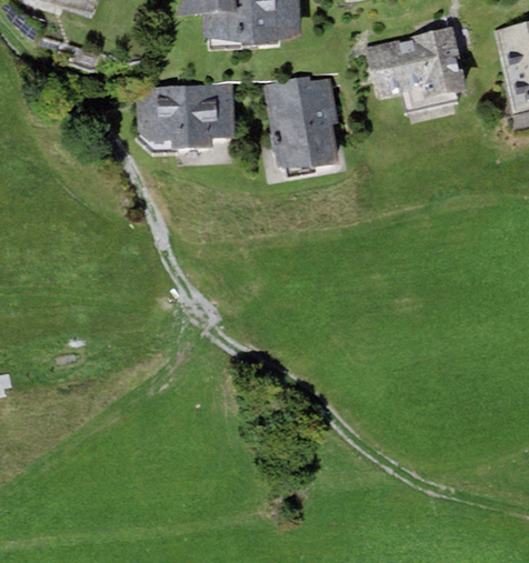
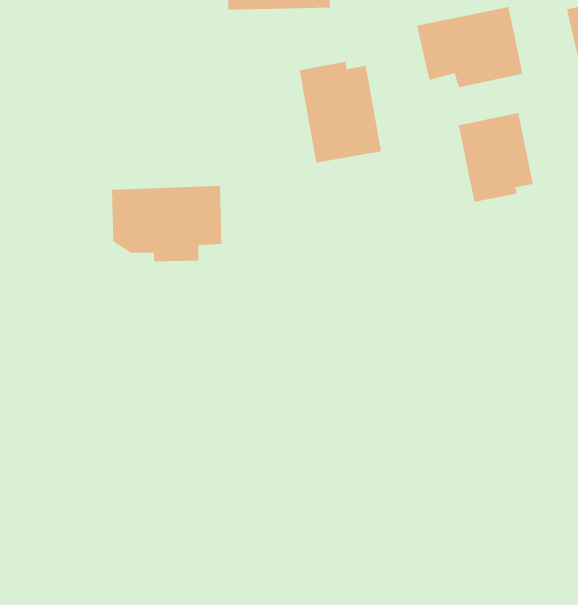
building: [137,82,233,149] -> [111,186,222,262]
building: none -> [458,112,534,203]

